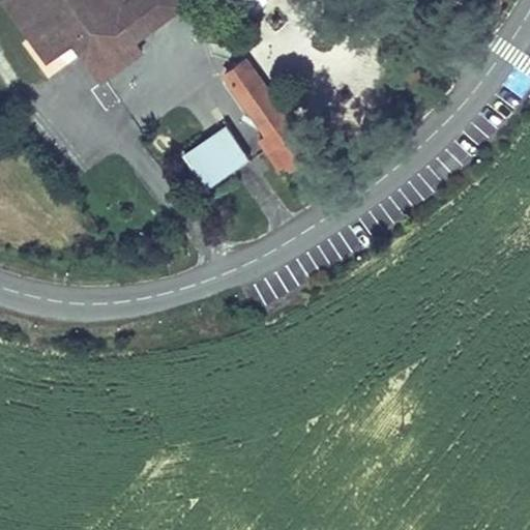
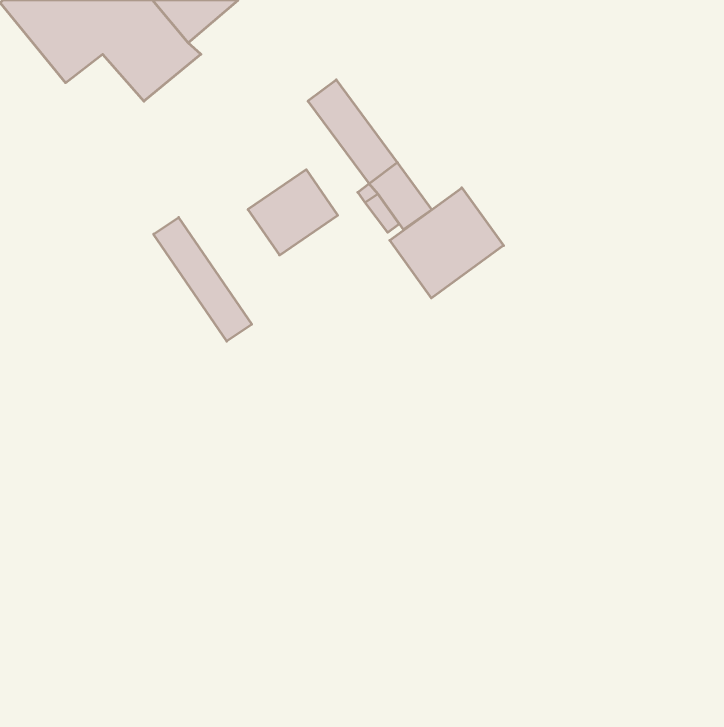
building: none -> [390,188,504,298]
building: none -> [154,217,252,341]

